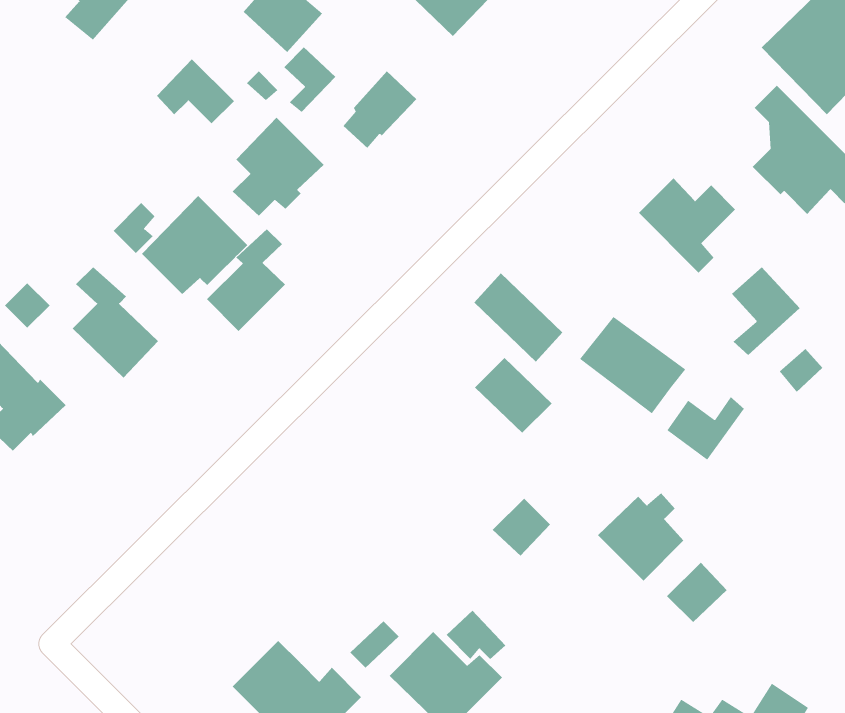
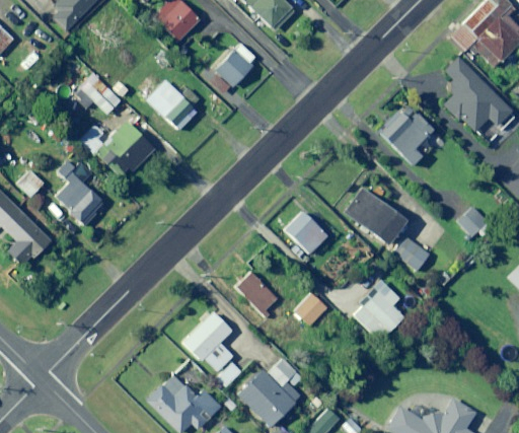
building: [284,47,336,113] -> none
building: [156,58,235,124] -> [77,76,122,114]
building: [206,228,286,332] -> none
building: [731,267,801,356] -> none
building: [473,273,563,363] -> none
building: none -> [237,272,278,313]
building: none -> [184,311,234,371]
building: [666,562,727,623] -> none

